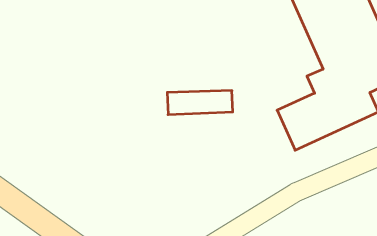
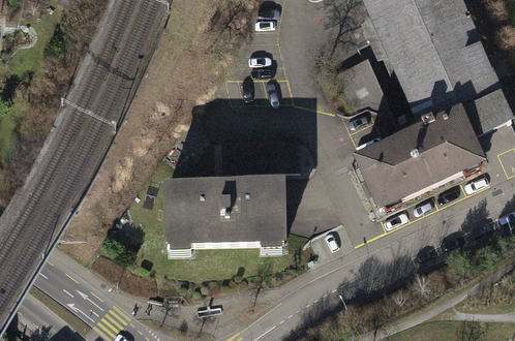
building: none -> [169,177,290,241]

